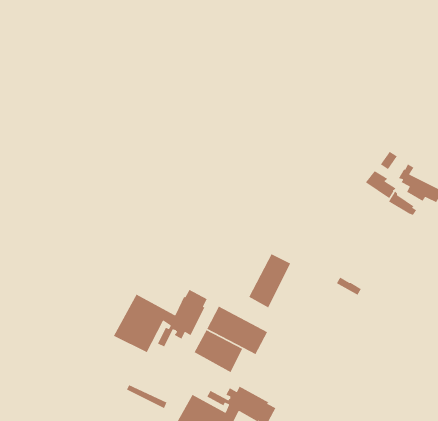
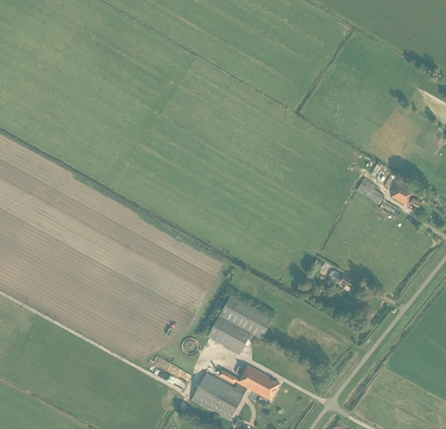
building: [248,253,291,308] -> none
building: [113,289,208,353] -> none

